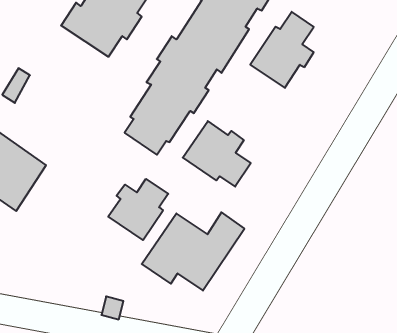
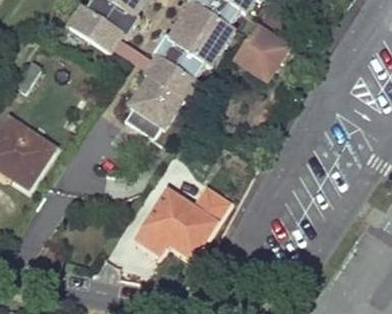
building: [183,121,251,187] -> none
building: [108,179,168,240] -> none

